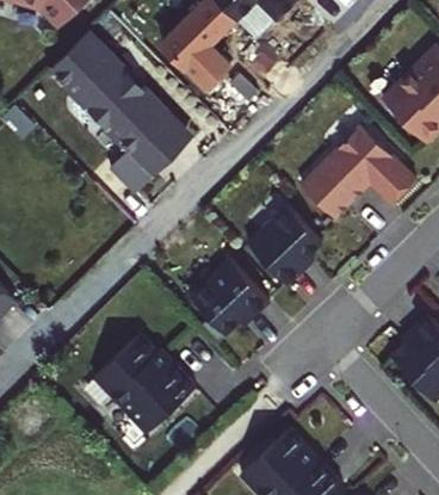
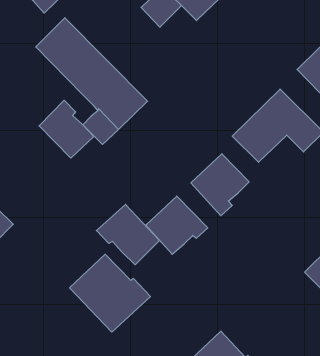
building: [162,20,227,86] -> none
building: none -> [39,100,94,158]
building: none -> [96,204,160,265]

